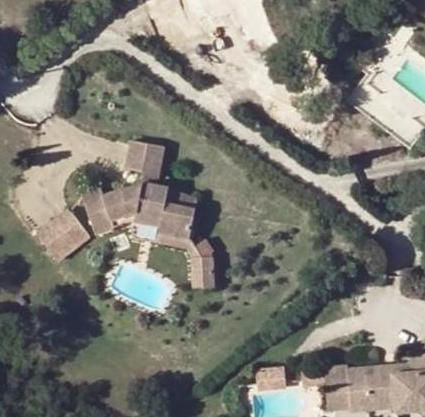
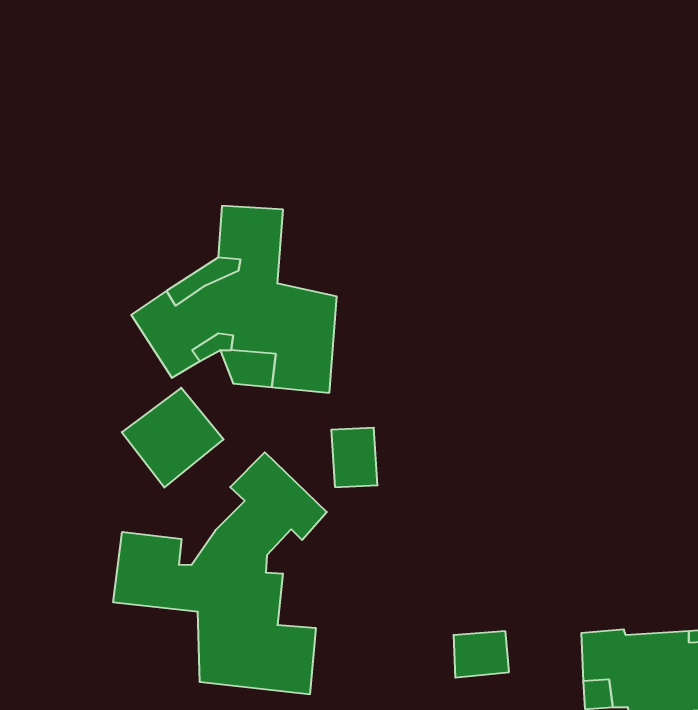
building: [36,209,91,263] -> [122,388,224,488]
building: none -> [113,452,327,694]

